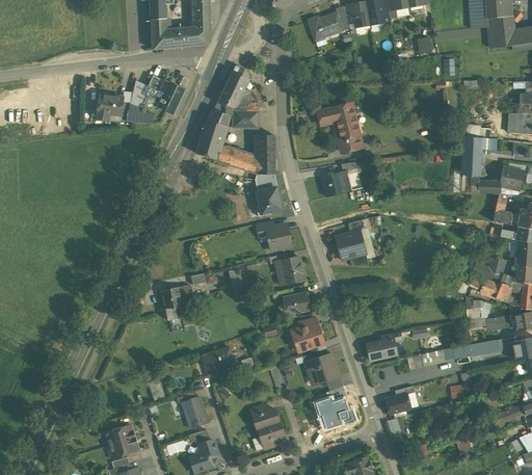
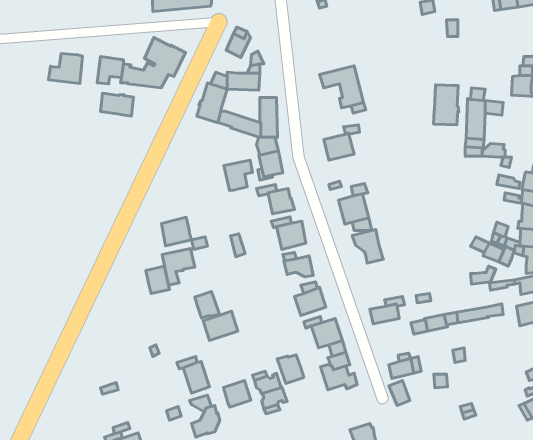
building: [214,87,241,113] -> none
building: none -> [48,54,83,84]
building: none -> [433,85,459,125]
building: none -> [100,93,134,116]
building: [499,166,524,189] -> none
building: none -> [224,160,252,190]
building: none -> [162,217,192,246]
building: none -> [352,230,383,263]
building: none -> [146,266,170,294]
building: none -> [195,291,220,318]
building: none -> [277,355,304,383]
building: none -> [223,380,251,407]
building: [104,424,138,457] -> none

